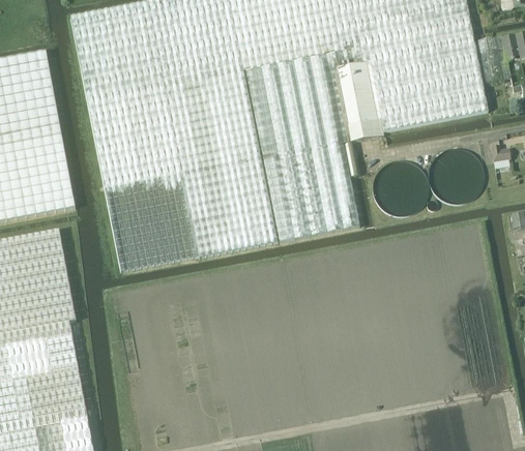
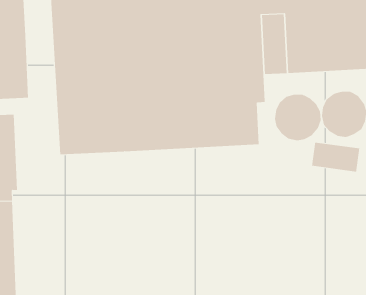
building: none -> [312,142,360,172]

